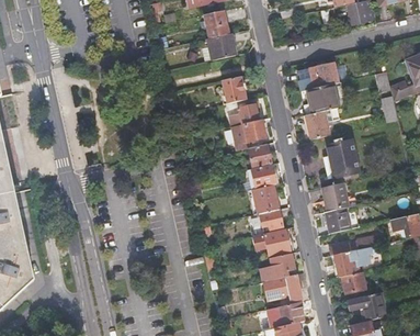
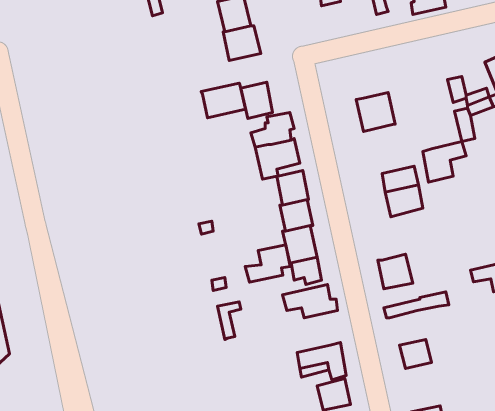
building: [309,63,339,88] -> none
building: none -> [201,83,246,118]
building: [307,108,340,138] -> [423,142,466,182]
building: [322,181,350,211] -> none
building: [333,246,372,276] -> none
building: [260,253,294,281] -> [245,245,290,282]
building: [349,292,386,321] -> none

